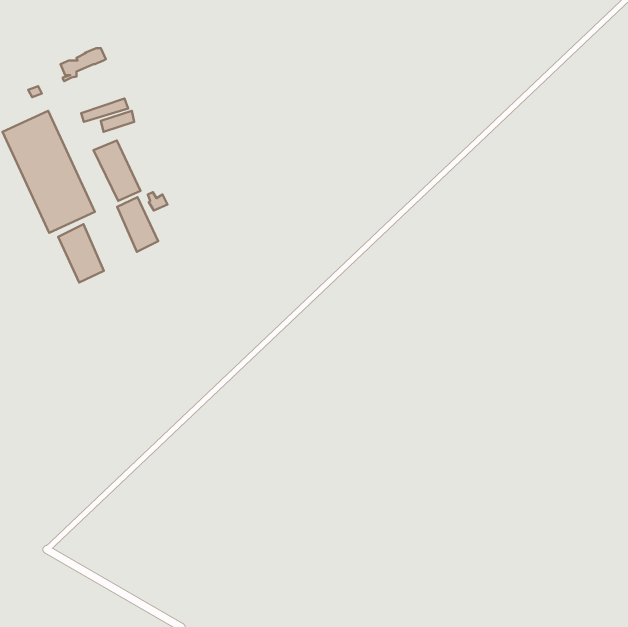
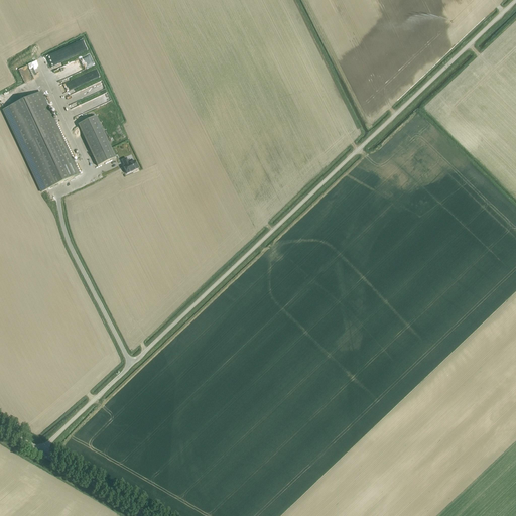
building: [117,197,158,252] -> none
building: [58,224,104,283] -> none

